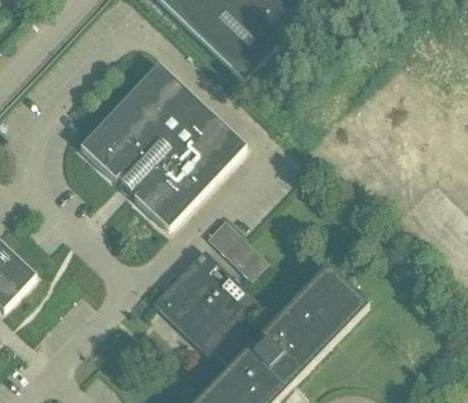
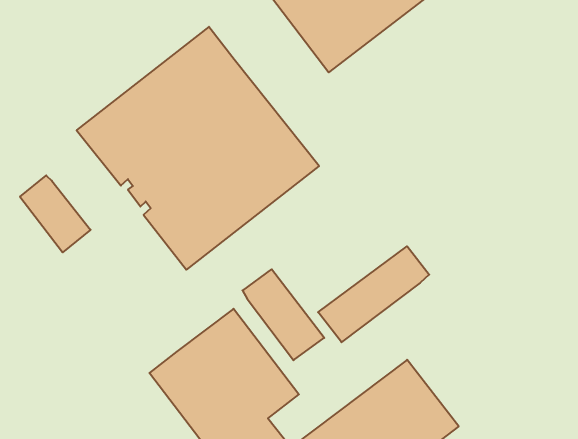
building: none -> [20,175,91,252]
building: none -> [318,246,429,342]

